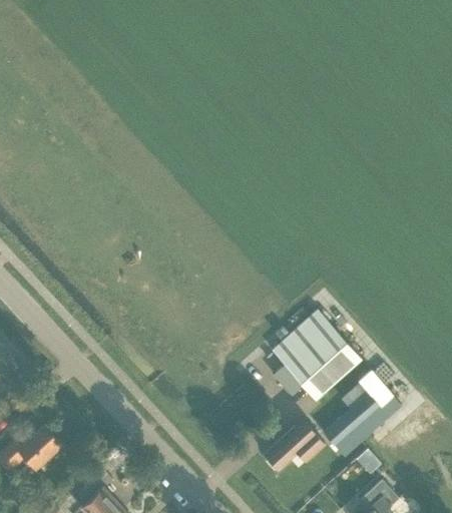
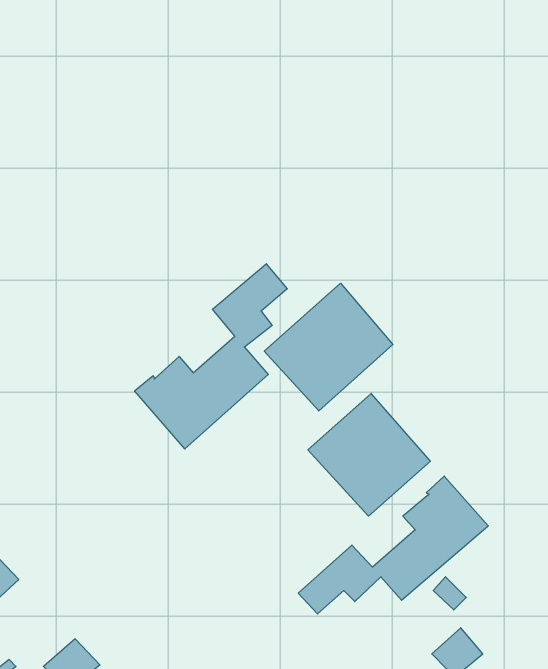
building: none -> [135,264,287,449]
building: none -> [264,283,393,411]

